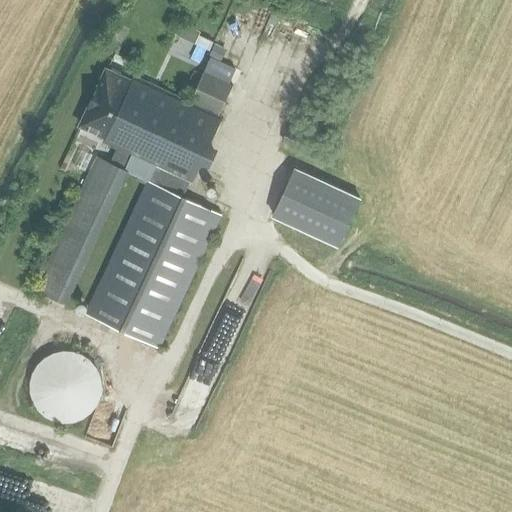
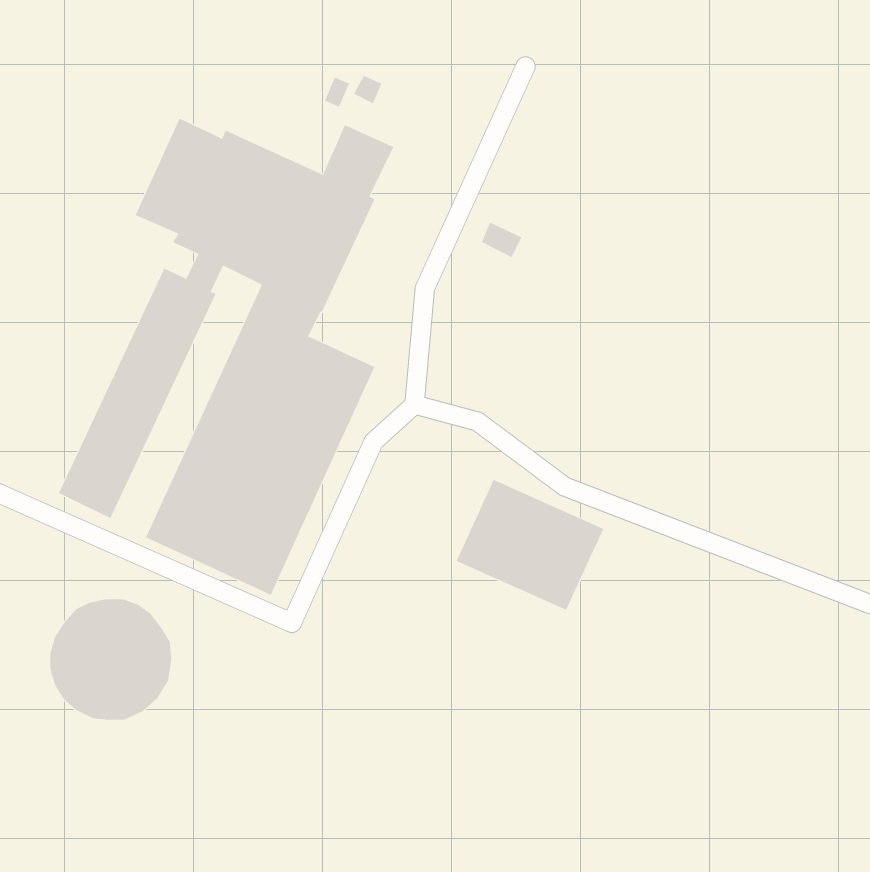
building: [272,169,359,246] -> [456,479,604,611]

